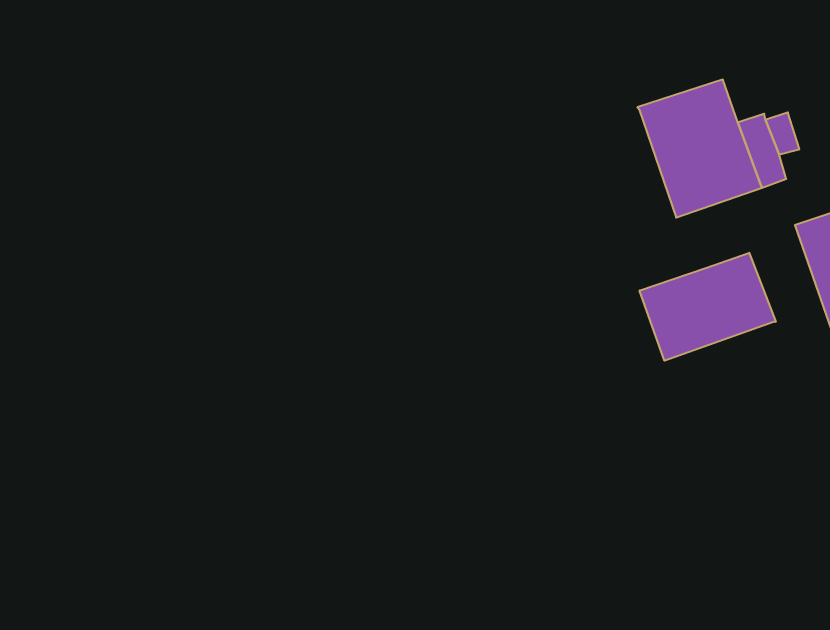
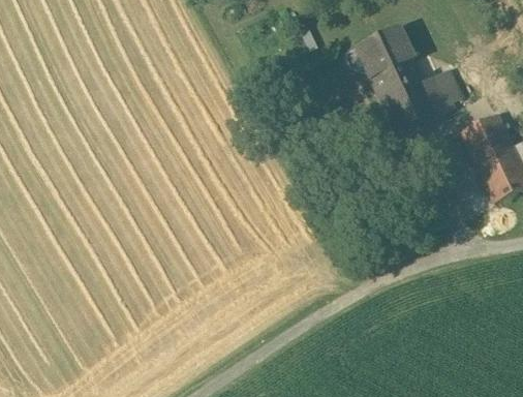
building: none -> [346,26,416,78]
building: [640,253,776,361] -> none

